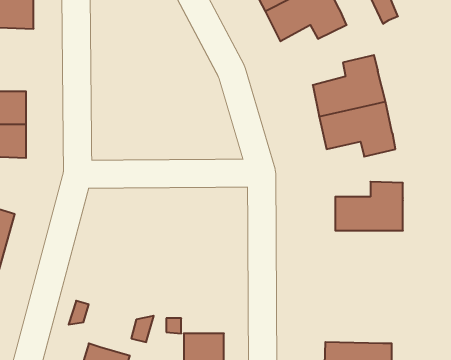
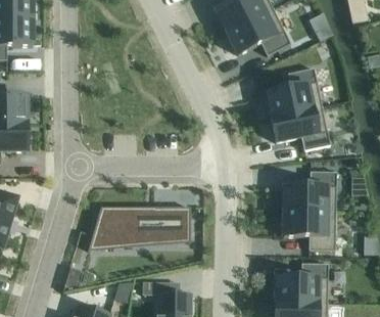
building: none -> [92,207,191,239]
building: none -> [282,210,337,250]
building: none -> [274,262,328,302]

